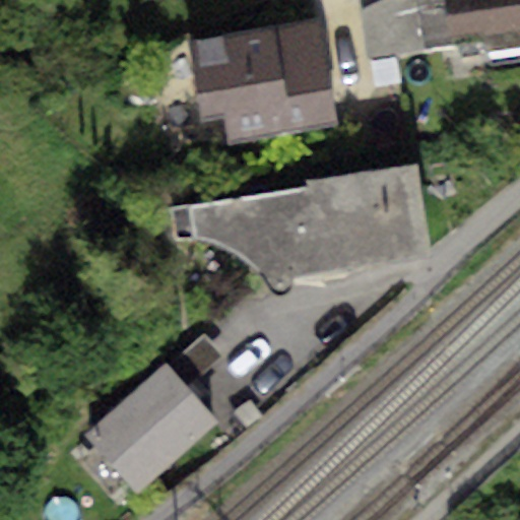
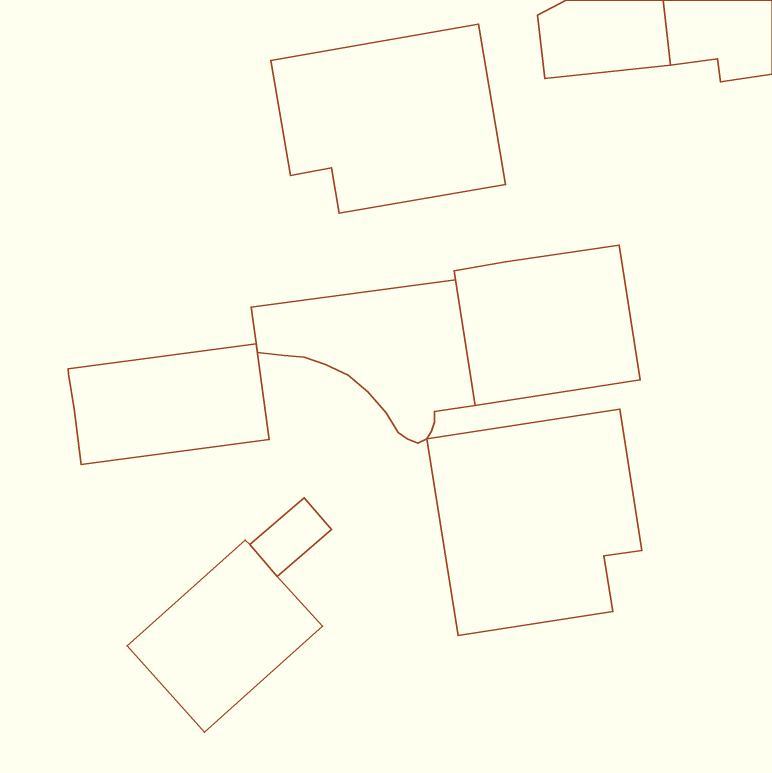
building: none -> [68,344,269,464]
building: none -> [427,409,642,635]

